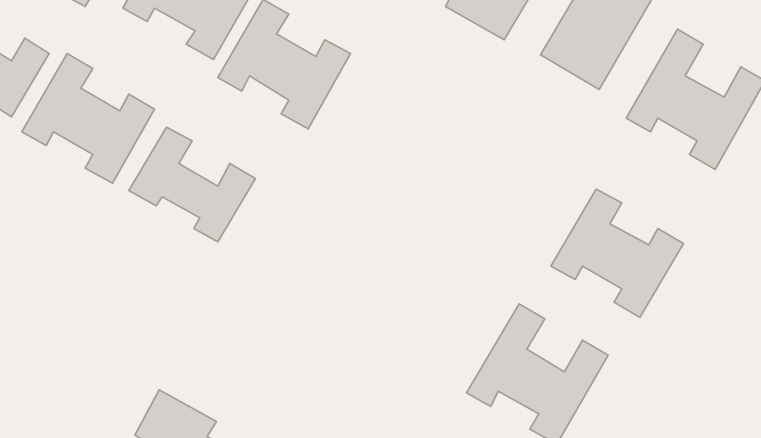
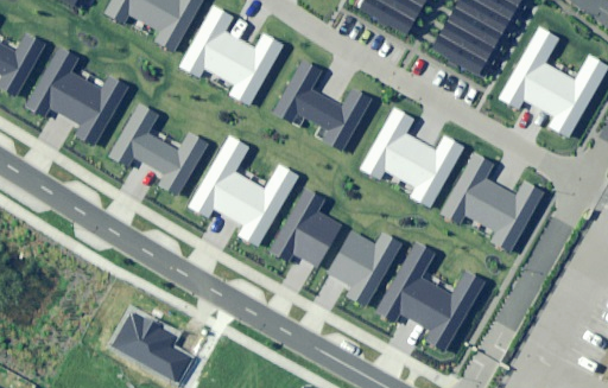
building: none -> [271,59,372,151]
building: none -> [359,104,463,206]
building: none -> [186,135,298,247]
building: none -> [268,187,340,266]
building: none -> [329,231,400,304]

